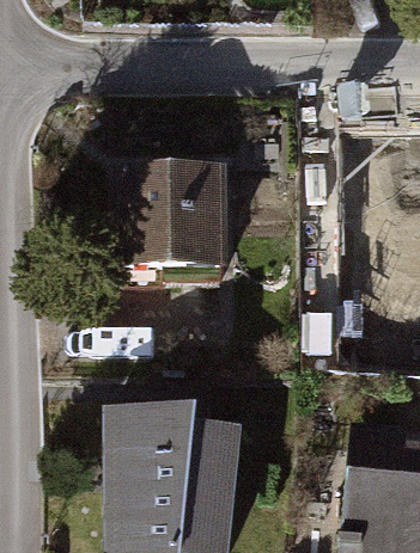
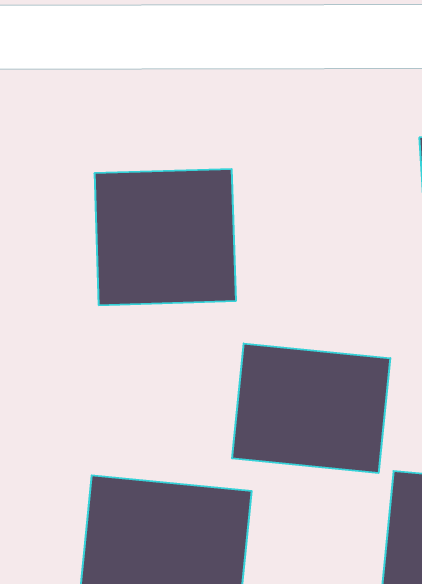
building: none -> [232,343,390,473]

